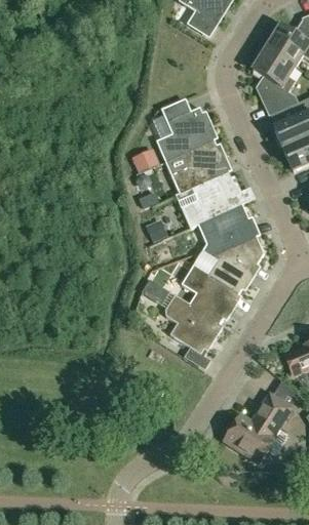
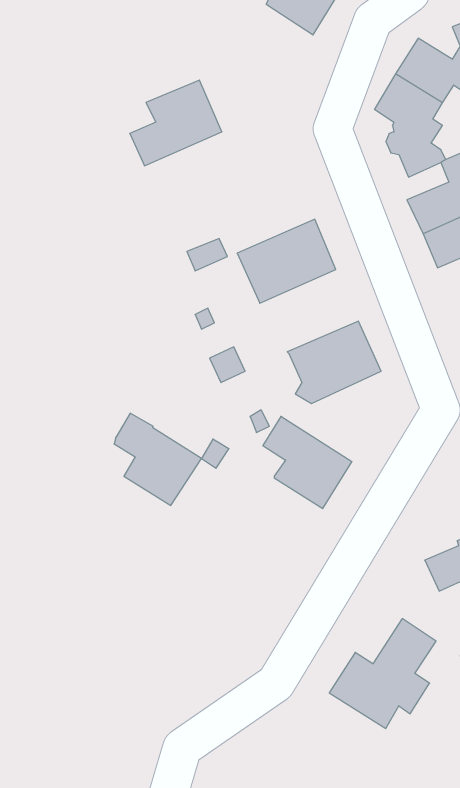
building: [156,107,215,161] -> [130,80,222,166]
building: [180,171,242,228] -> none
building: [193,236,264,293] -> none
building: [164,294,220,353] -> [114,413,201,505]

